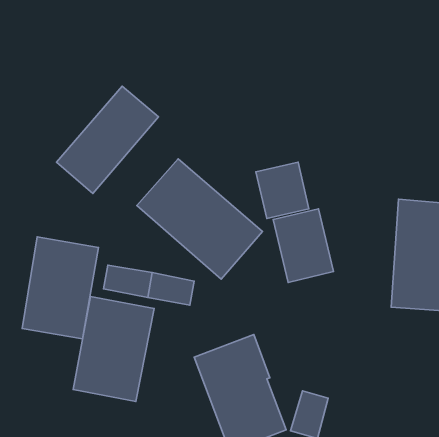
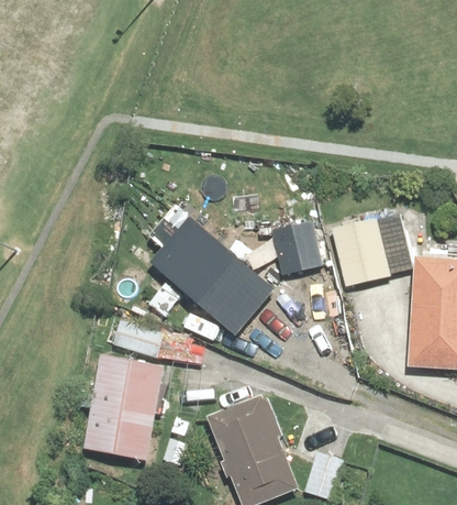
building: [57,86,158,193] -> none
building: [273,209,334,282] -> [330,212,391,287]
building: [22,237,98,339] -> none

